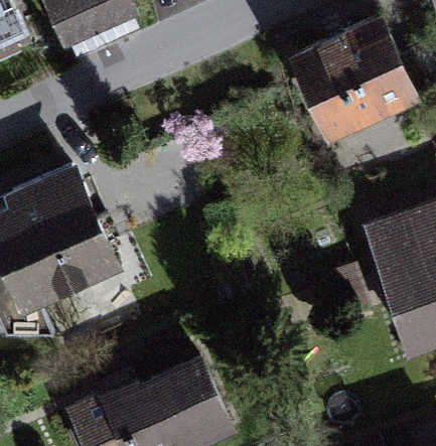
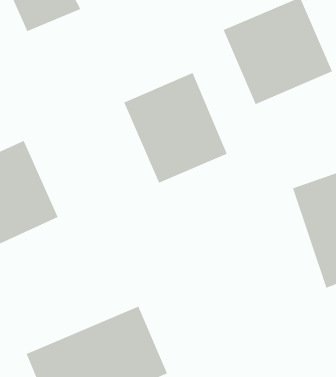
building: none -> [123,72,228,183]

